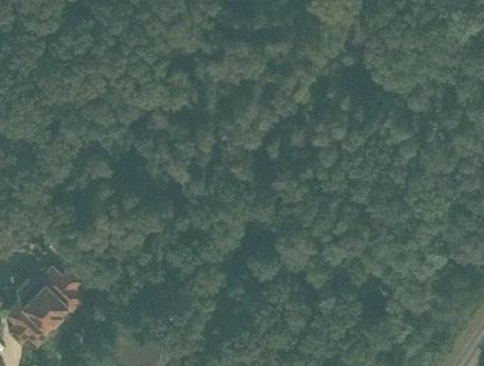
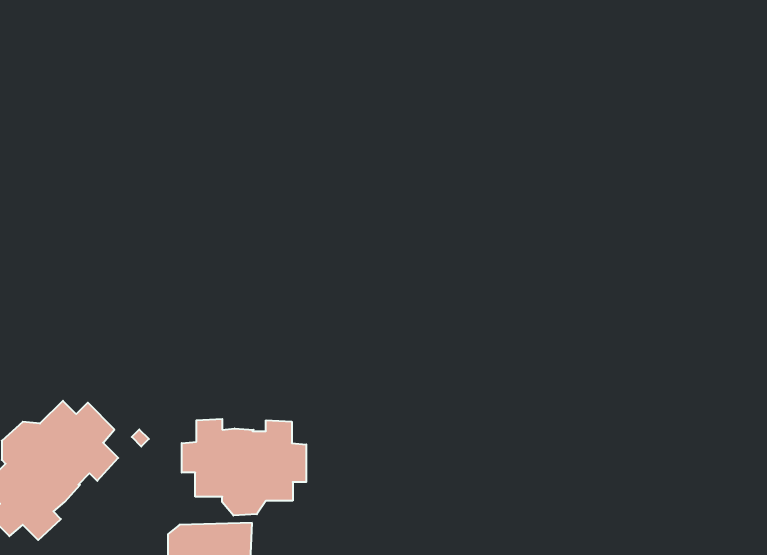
building: none -> [182,419,306,516]

